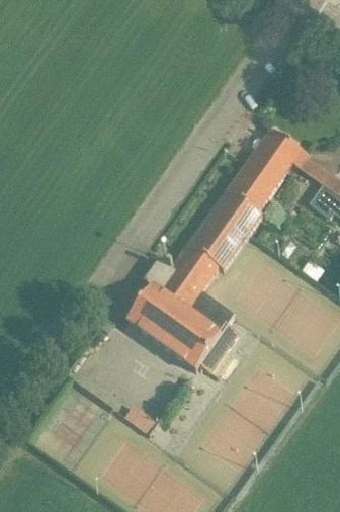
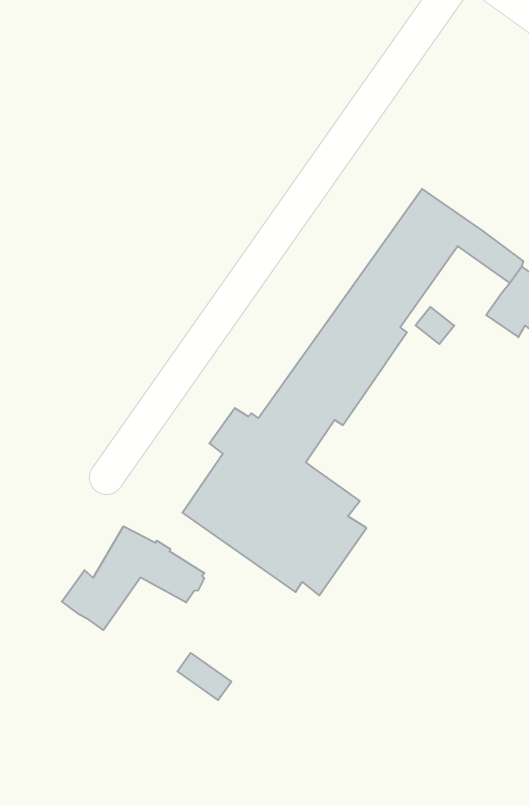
building: none -> [62,526,205,630]

